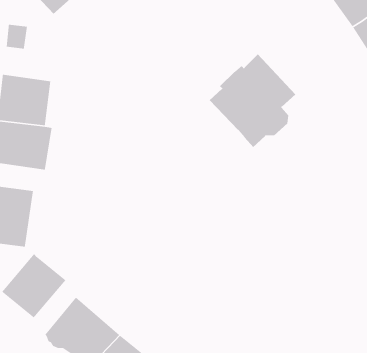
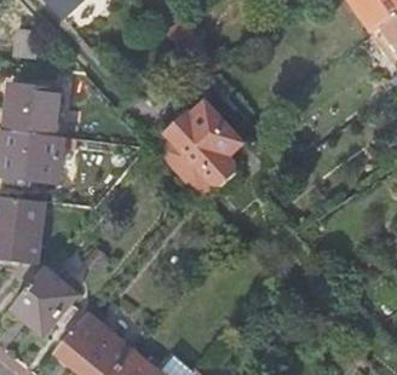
building: [209,54,296,148] -> [154,100,244,198]

